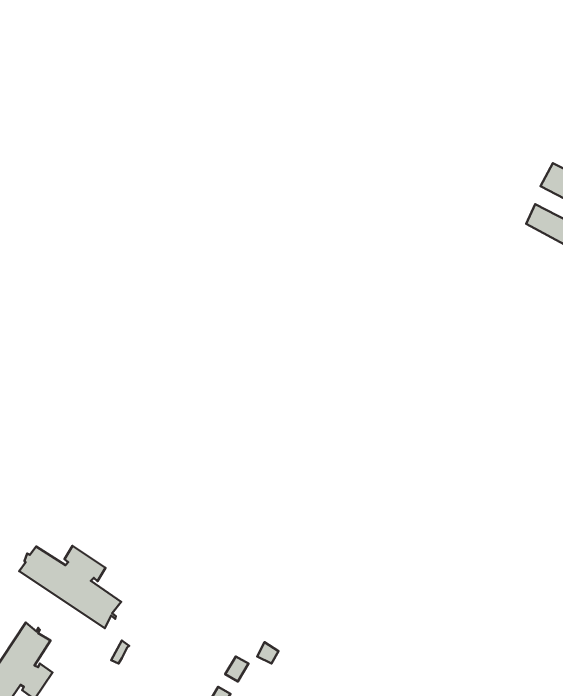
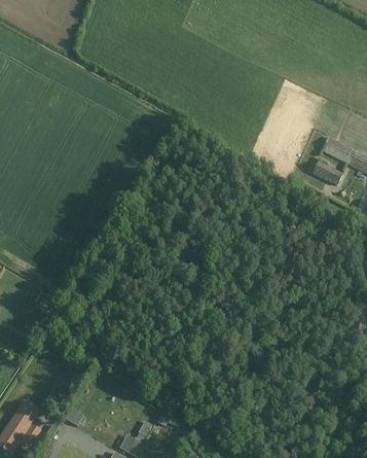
building: [19,546,121,628] -> none

